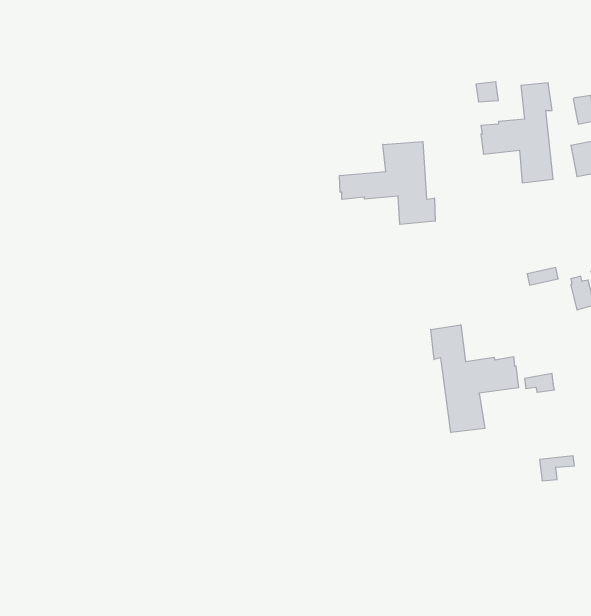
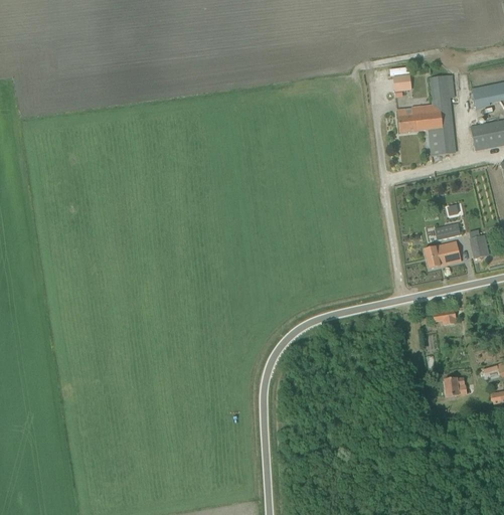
building: [340,142,435,224] -> none
building: none -> [425,241,461,269]
building: [431,325,519,433] -> none

